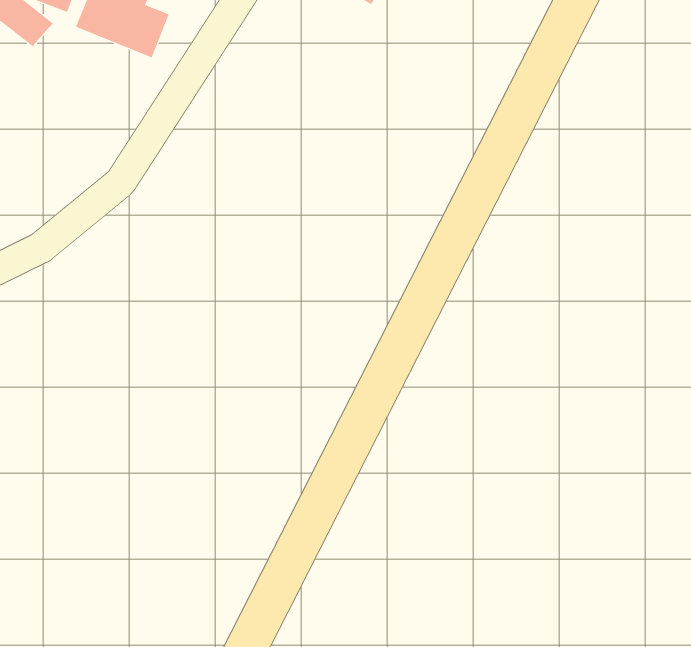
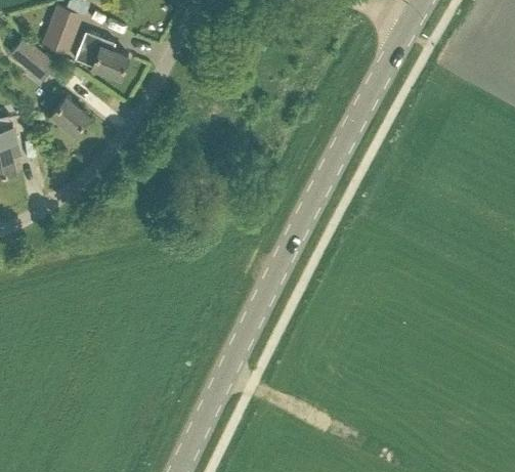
building: none -> [43,91,87,133]

